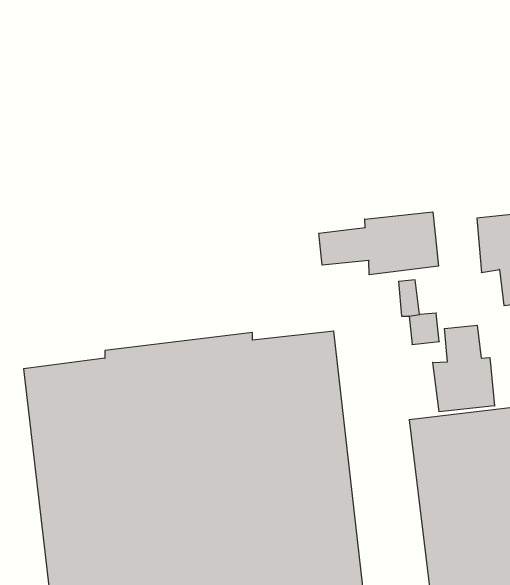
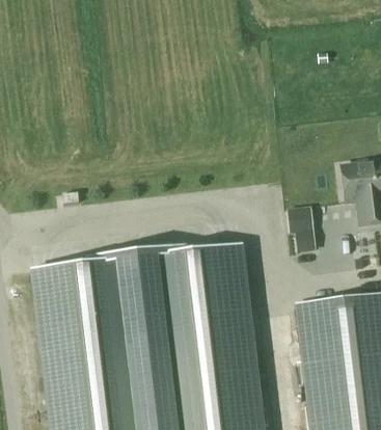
building: [319,212,439,275] -> none
building: [433,325,495,412] -> none

